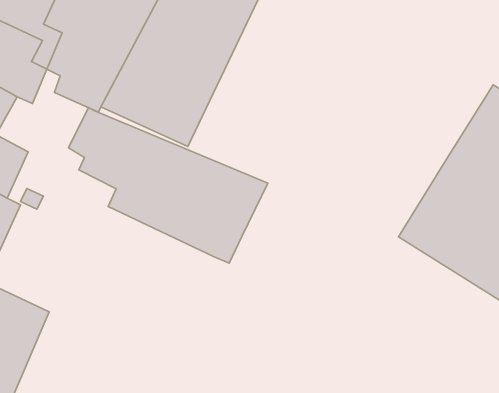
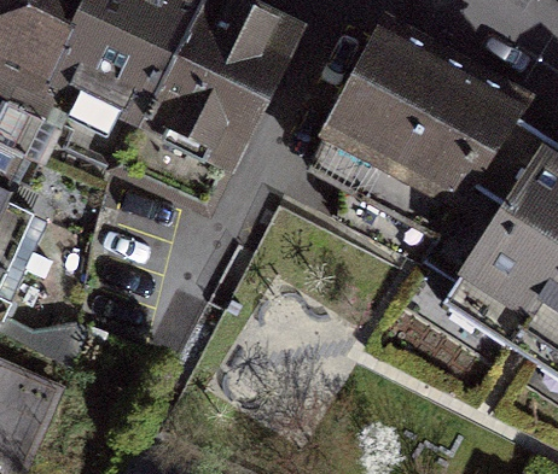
building: none -> [327,36,546,207]
building: [69,108,268,263] -> none

